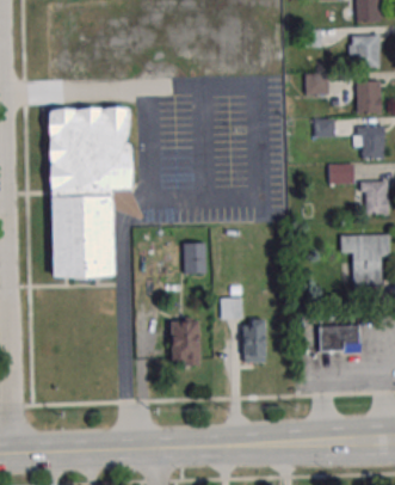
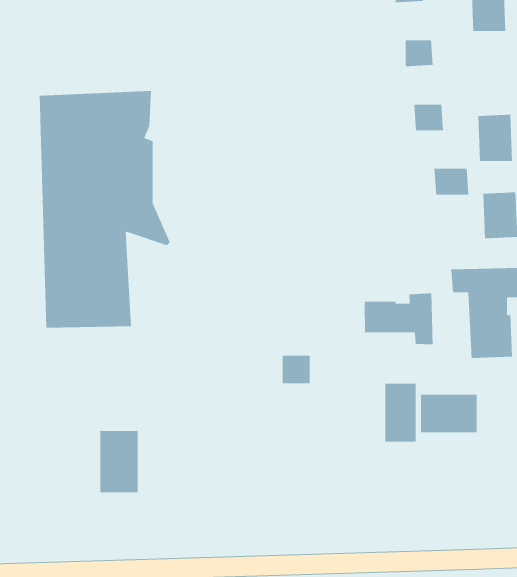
building: [357,81,382,113] -> none
building: [185,240,206,272] -> none
building: none -> [364,293,433,345]
building: [172,319,199,363] -> [100,430,138,493]
building: [242,319,265,361] -> [384,383,416,442]

